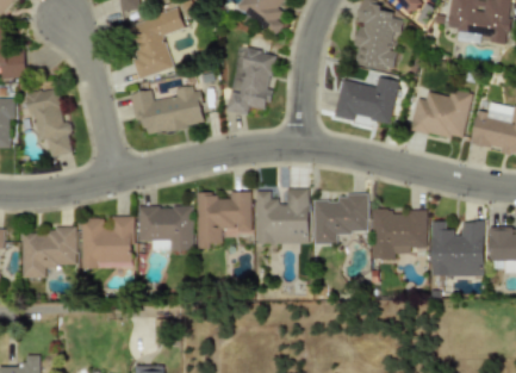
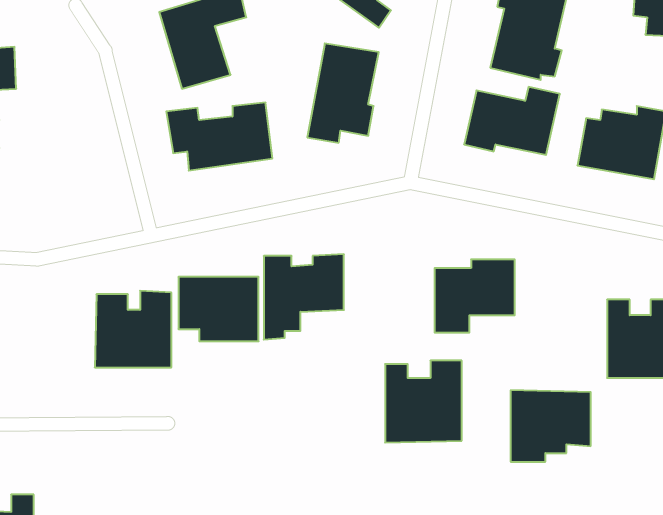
building: [29,87,73,157] -> none
building: [256,188,309,244] -> [385,361,462,443]
building: [372,210,427,259] -> [511,390,591,462]
building: [23,226,76,278] -> none

